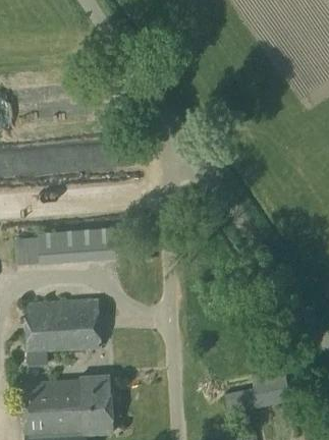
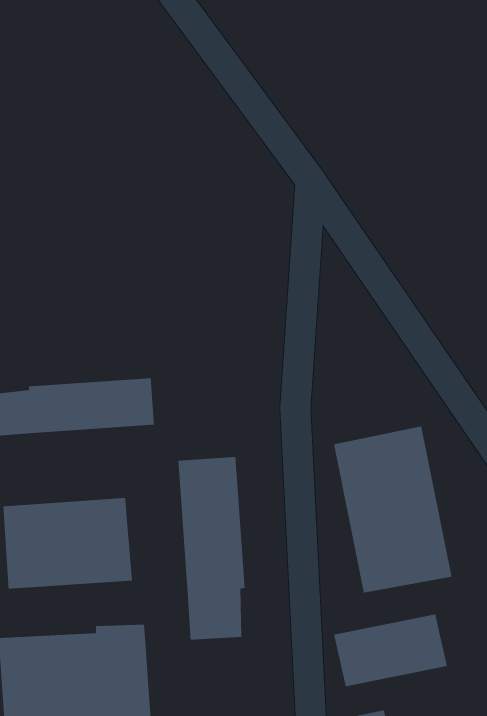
building: none -> [333,425,452,594]
building: none -> [178,456,245,641]

